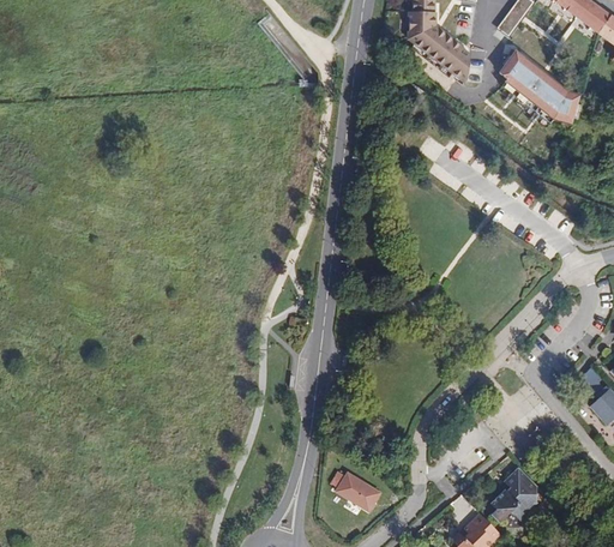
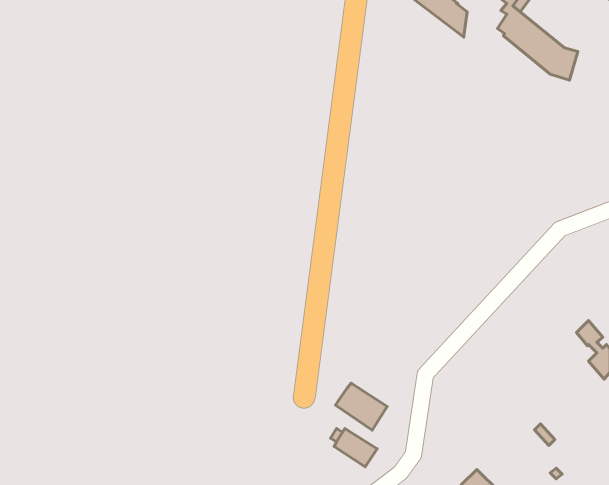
building: none -> [336,383,387,430]
building: [489,465,536,522] -> none

